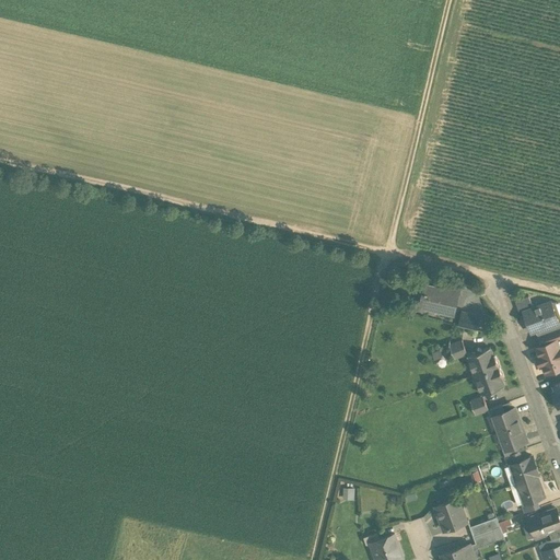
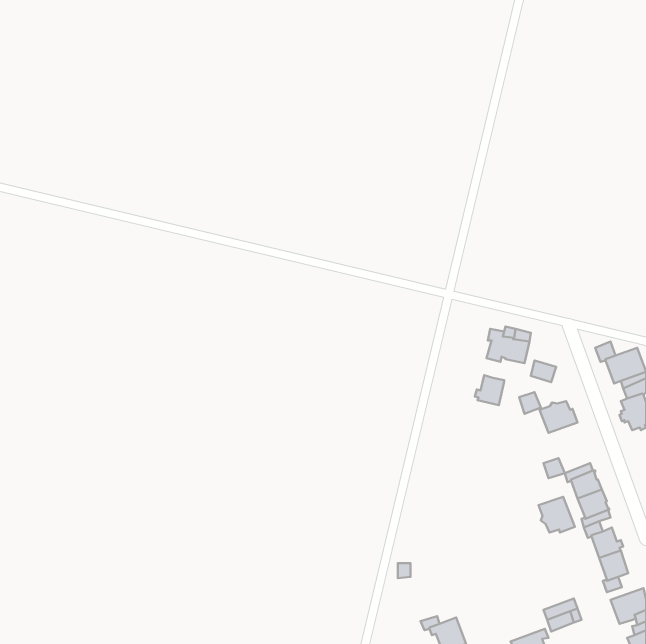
building: none -> [475,375,504,405]
building: [474,368,503,396] -> none
building: none -> [539,497,575,533]
building: [435,501,466,533] -> none

